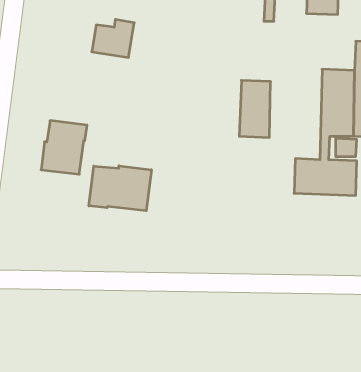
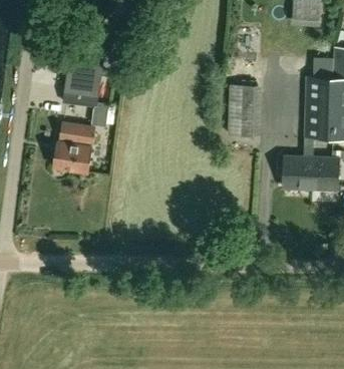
building: [92,19,134,57] -> [62,71,100,105]
building: [89,166,151,211] -> none

